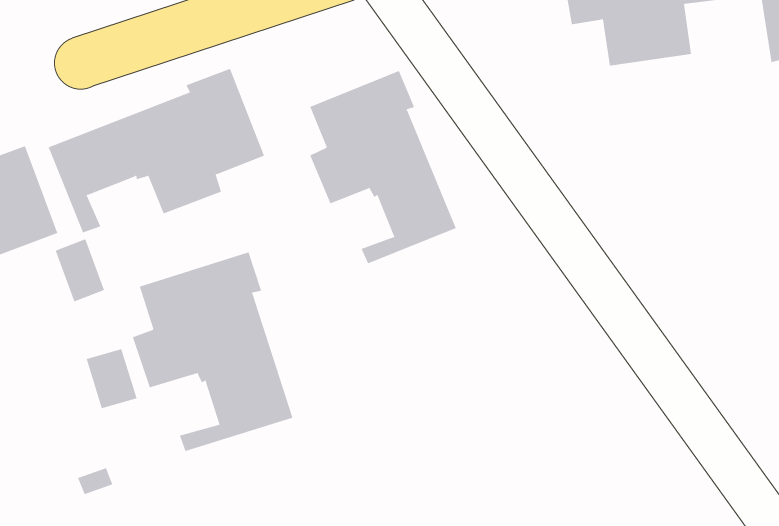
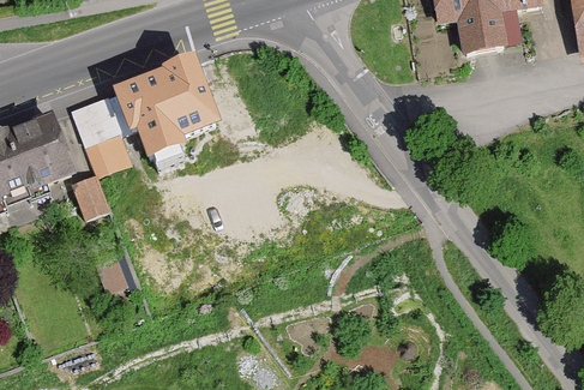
building: [309,70,456,264] -> none
building: [132,252,293,452] -> none

